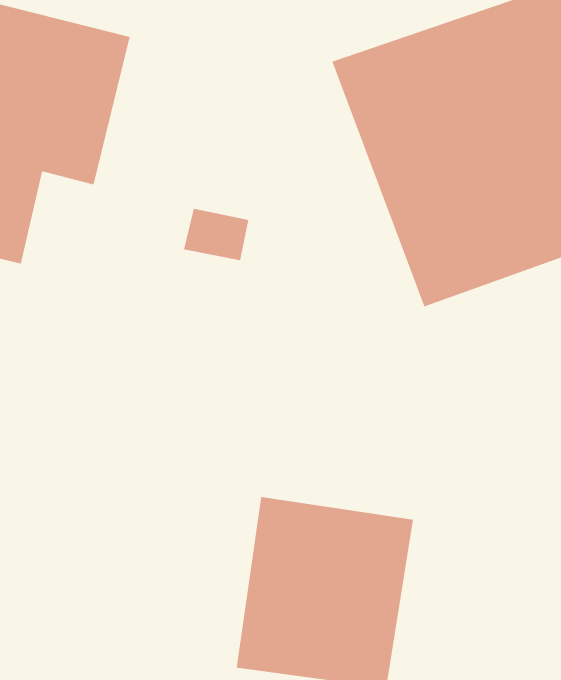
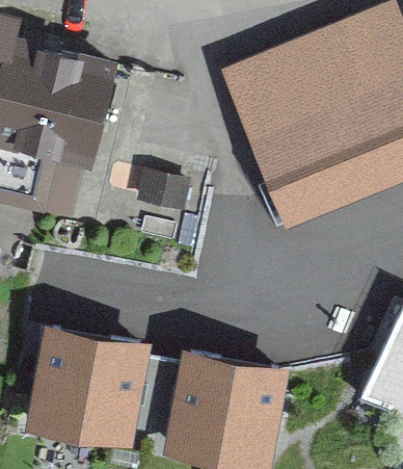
building: none -> [28,328,143,446]

